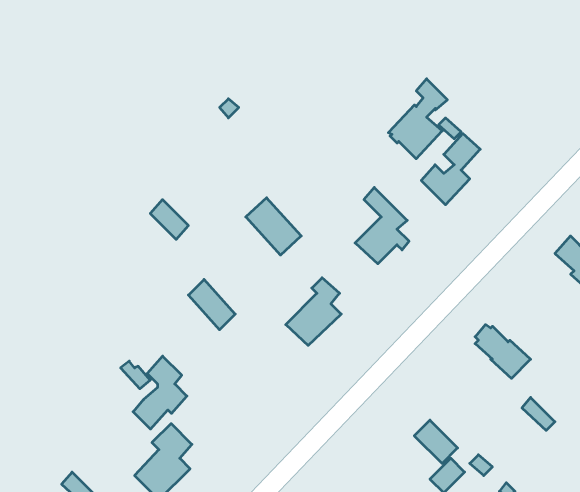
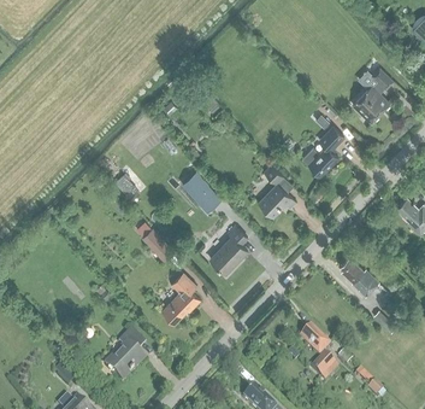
building: [388,79,447,159] -> [353,66,394,122]
building: [133,356,187,429] -> [163,271,200,322]

